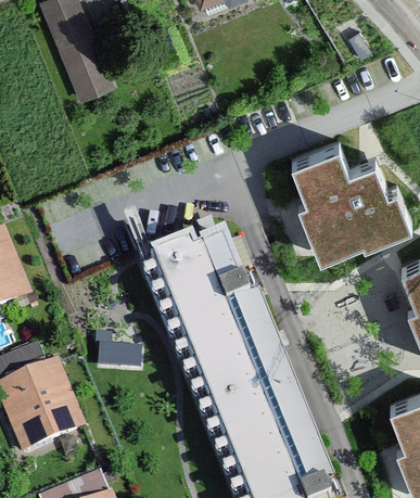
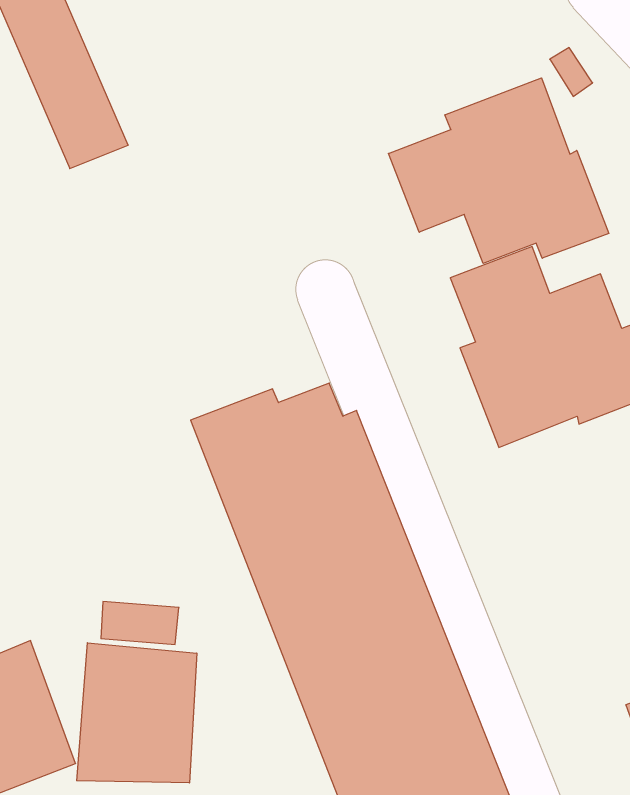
building: none -> [388,78,609,263]
building: none -> [77,643,197,783]

